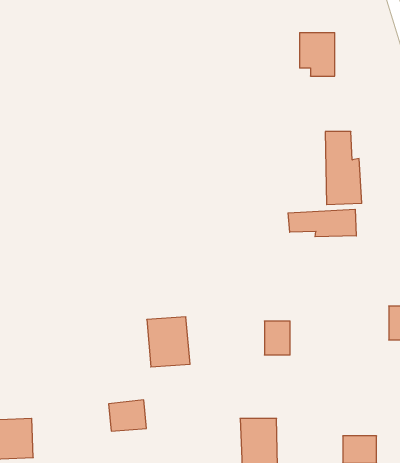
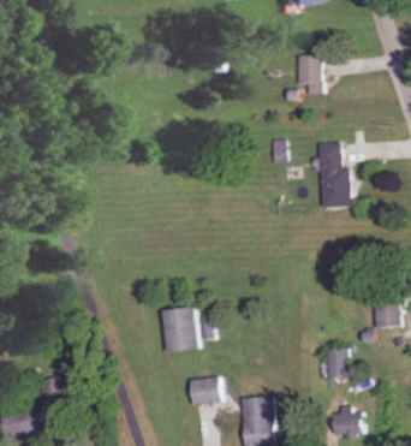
building: [288,209,356,237] -> none
building: [264,321,290,355] -> [324,347,347,377]
building: [109,400,146,431] -> [189,377,222,405]

